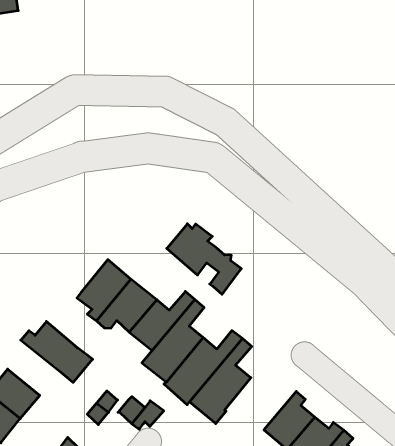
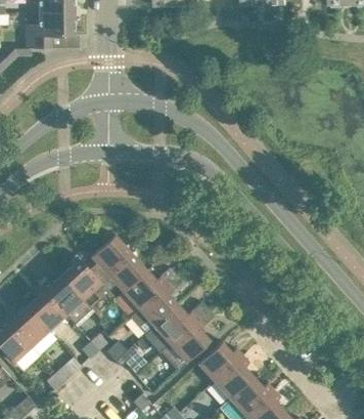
building: [167,224,241,294] -> [62,258,117,316]
building: none -> [28,286,66,330]
building: none -> [198,341,243,381]

